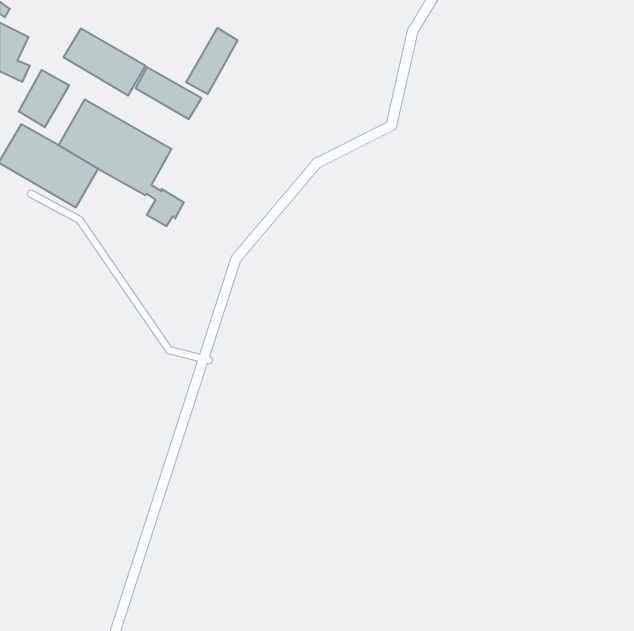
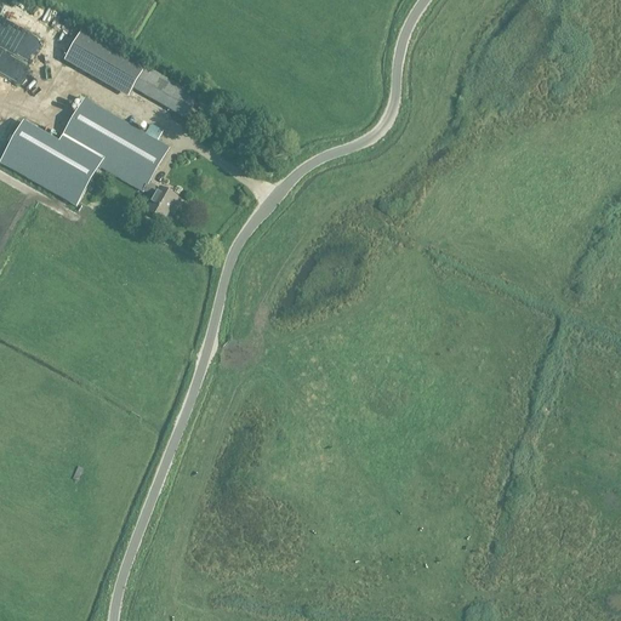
building: [186,28,237,94] -> none
building: [19,70,69,127] -> none

